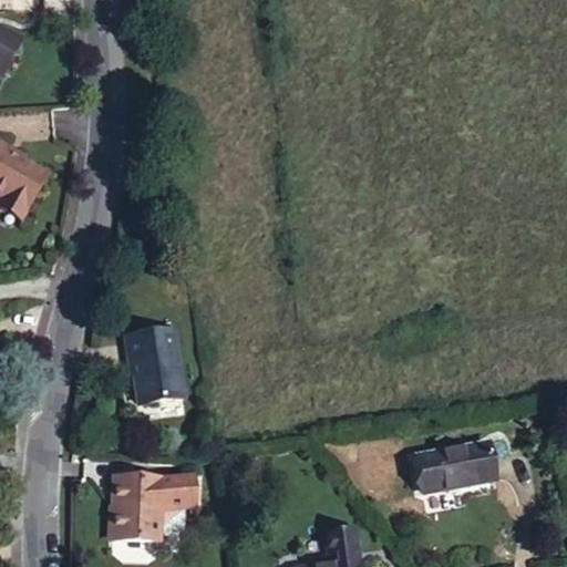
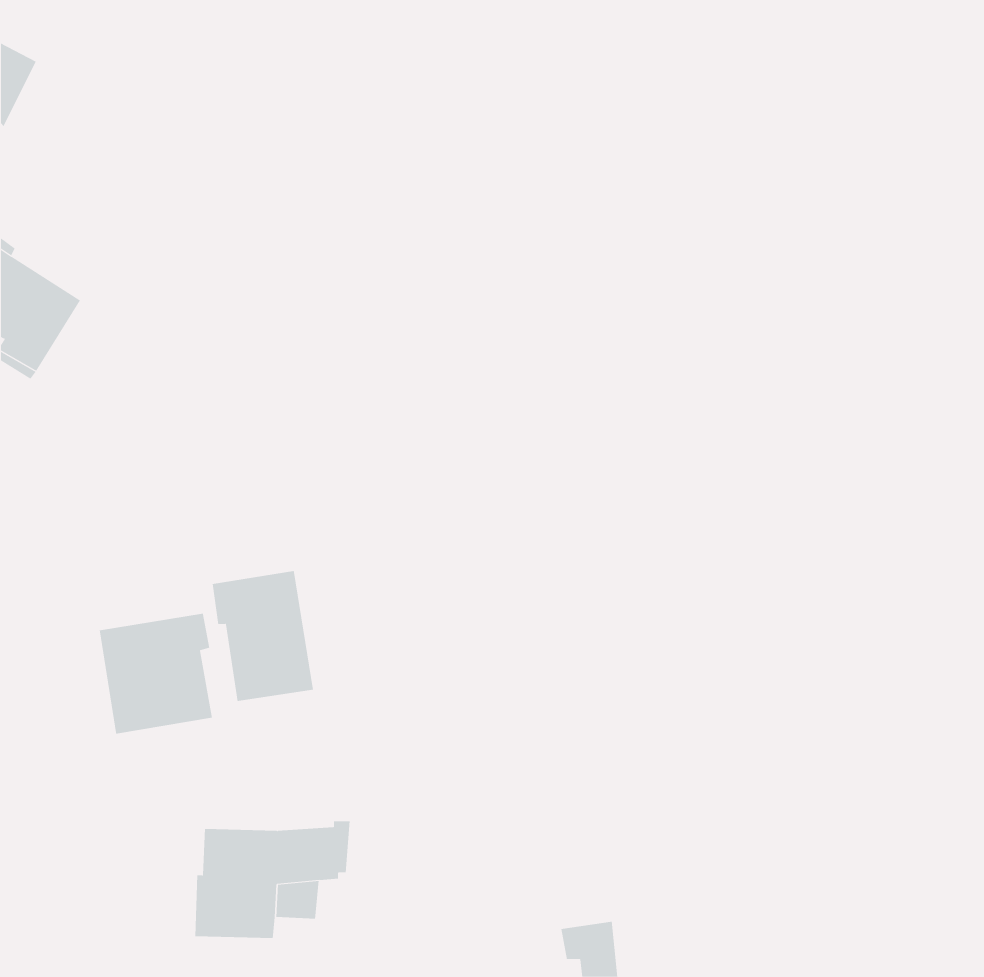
building: none -> [99,613,213,734]
building: [414,442,493,489] -> none

